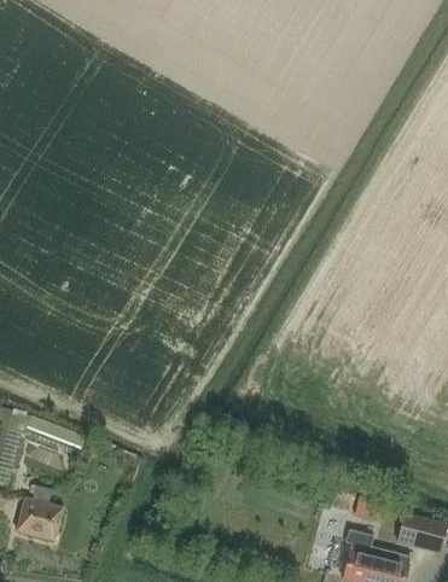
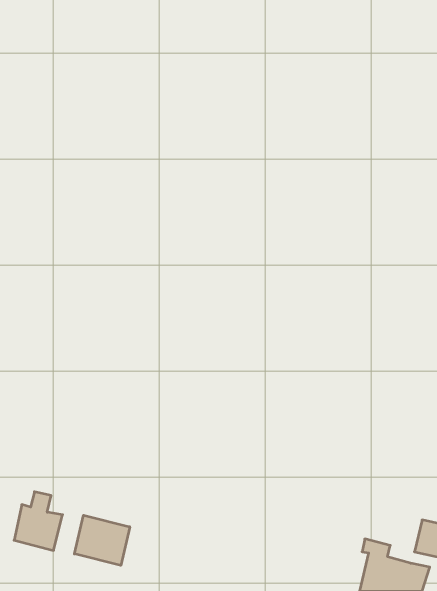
building: none -> [74,515,130,565]

